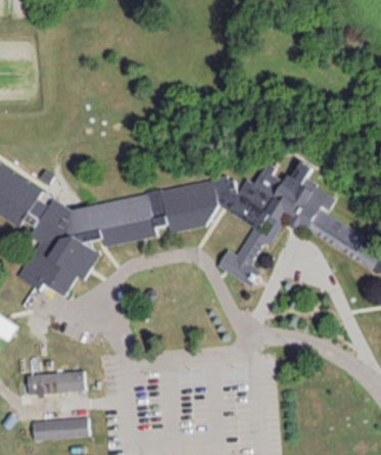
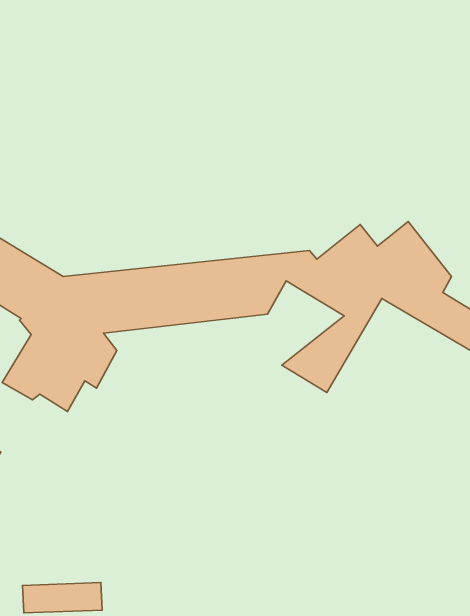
building: [27,372,84,394] -> none

